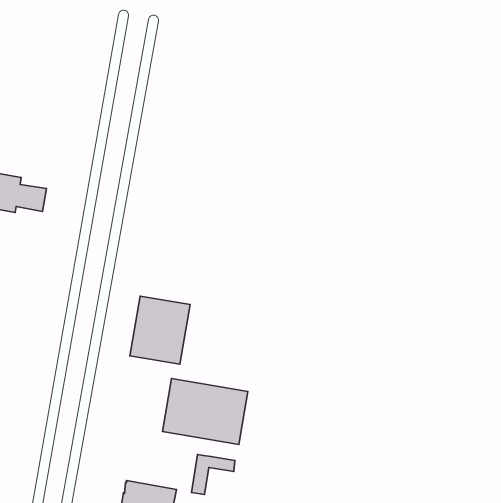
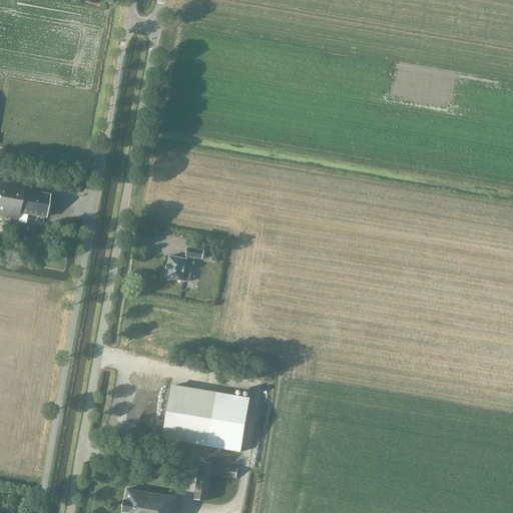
building: none -> [164,246,203,281]
building: [130,296,190,364] -> none

